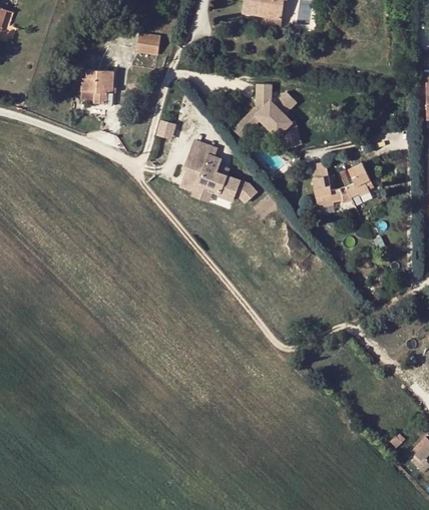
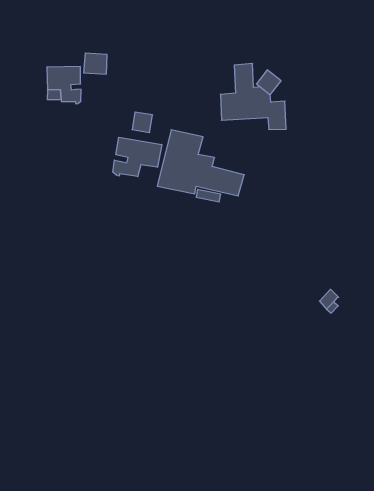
building: [136,34,159,55] -> [84,53,107,74]
building: none -> [113,137,162,177]
building: [309,162,372,206] -> none

